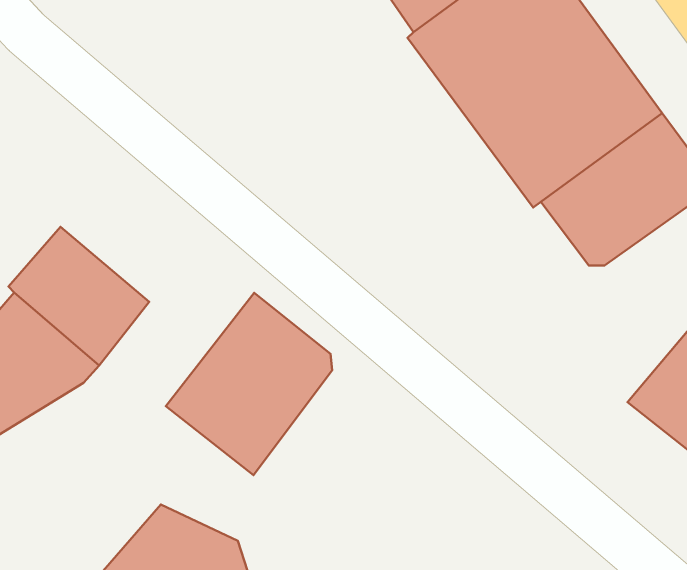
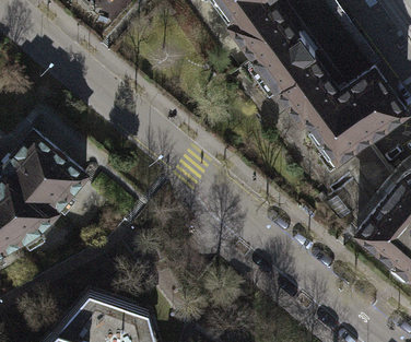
building: [166,293,332,475] -> none

